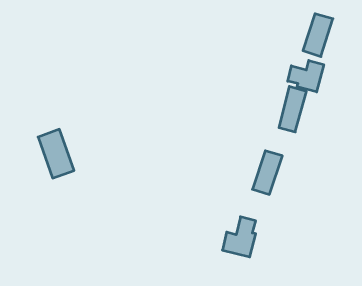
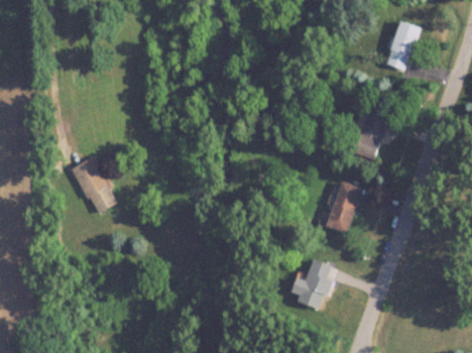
building: [288,60,324,92] -> none

